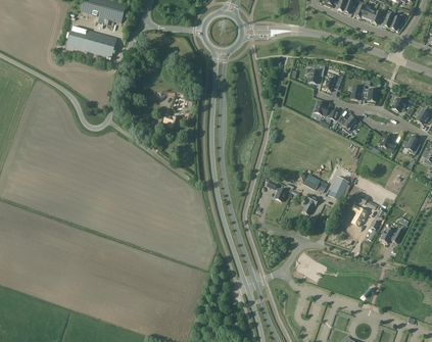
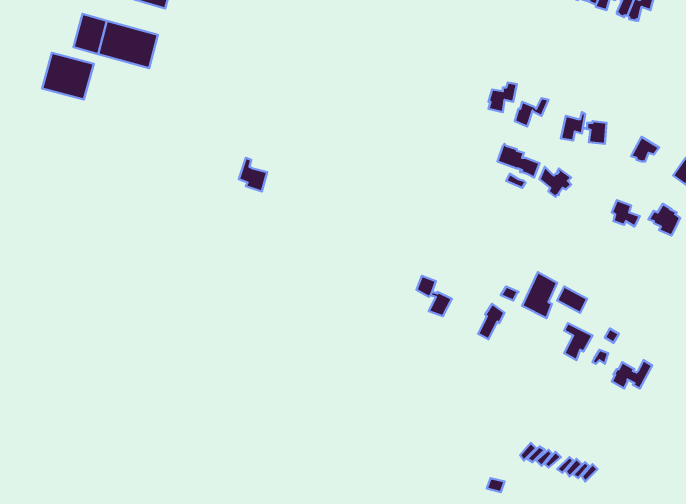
building: none -> [42,53,94,100]

